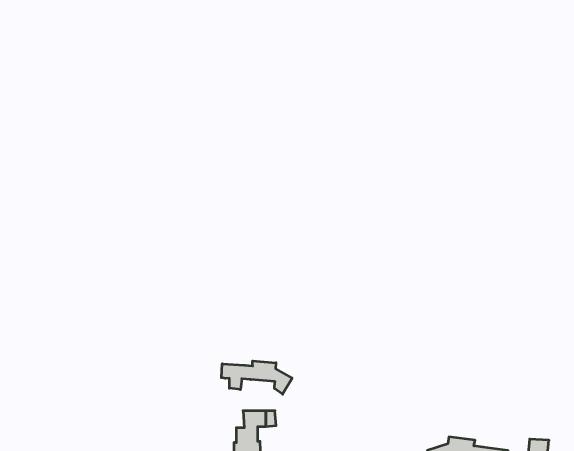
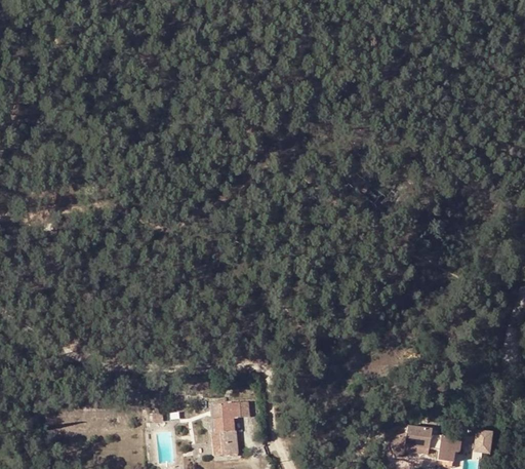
building: [221,361,292,394] -> none

